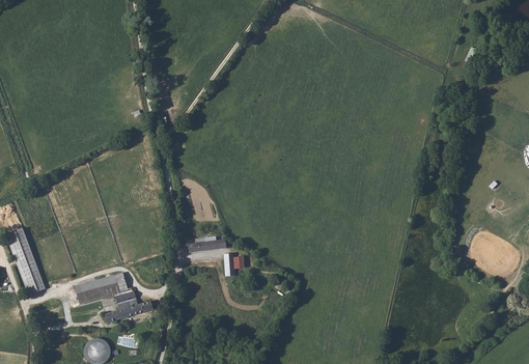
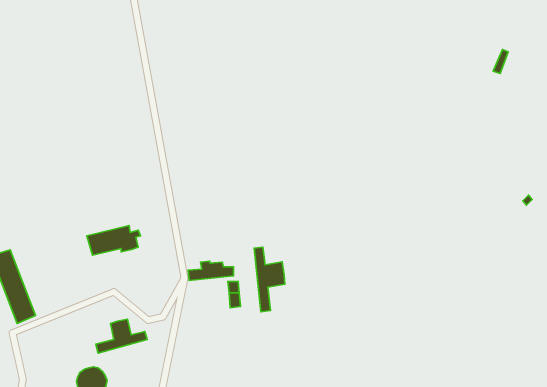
building: none -> [254,247,285,312]
building: [75,274,123,301] -> [87,226,140,255]

